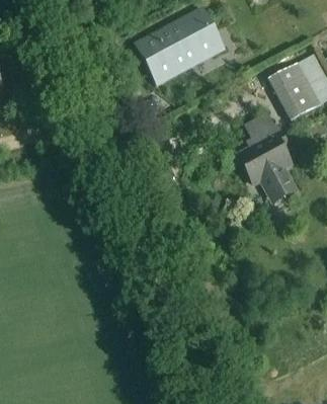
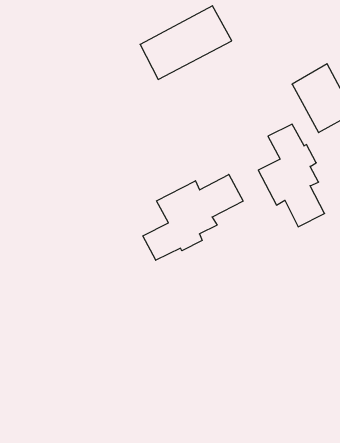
building: none -> [143,174,243,260]

